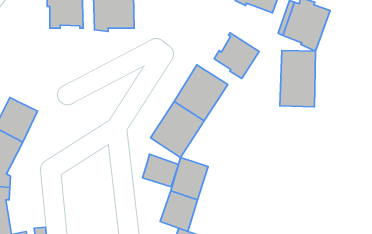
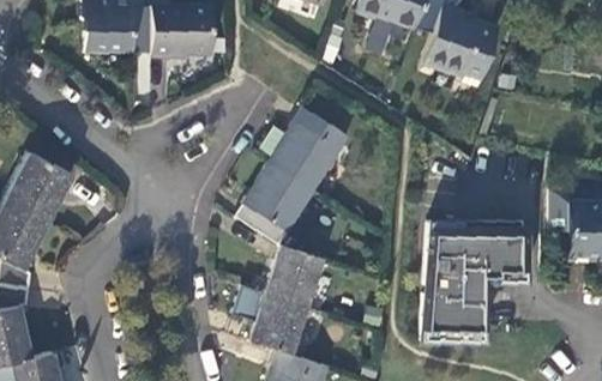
building: [214,33,259,79] -> none
building: [280,50,315,107] -> none
building: none -> [419,218,523,339]
building: [142,154,179,187] -> none

